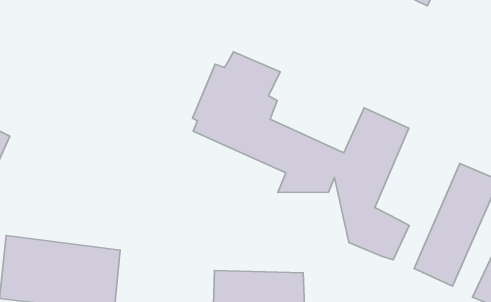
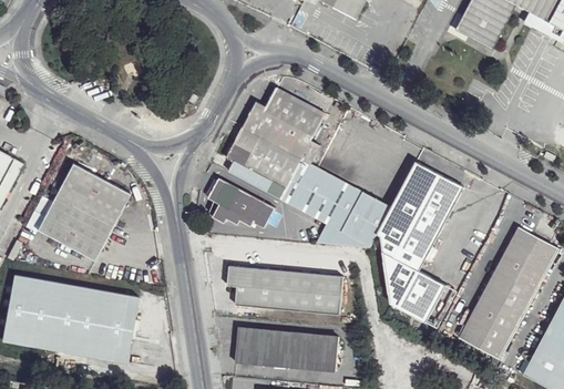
building: none -> [23,163,132,259]
building: none -> [208,175,274,229]
building: none -> [229,264,340,313]

